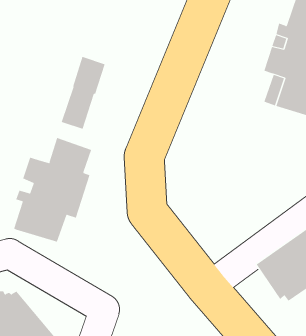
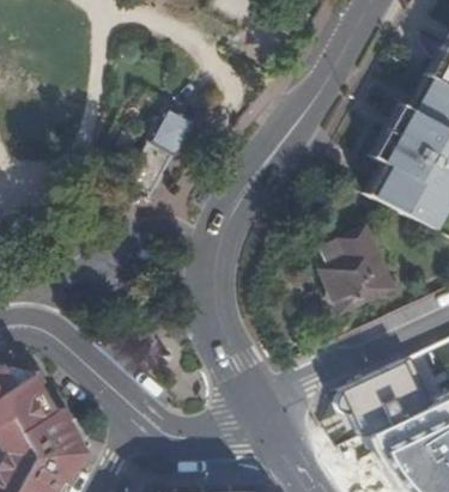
building: none -> [321,227,394,311]
building: [13,137,92,243] -> none

